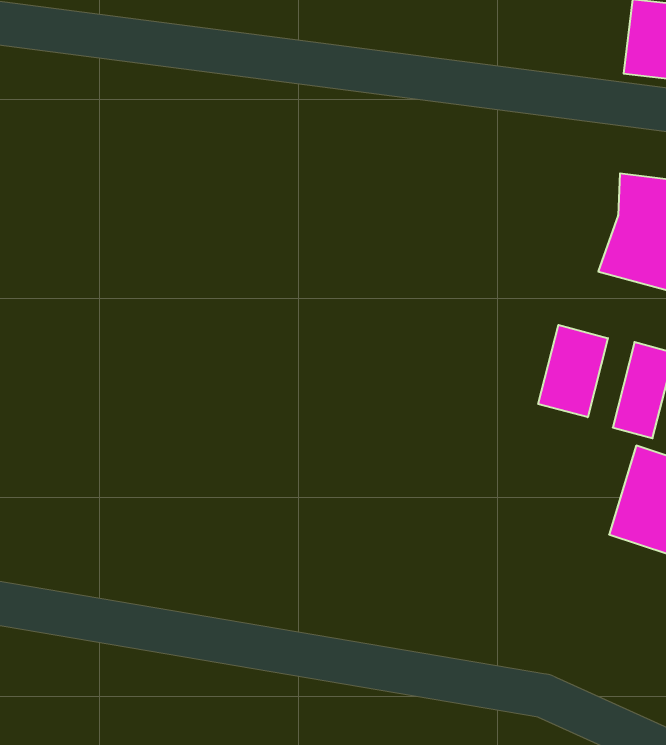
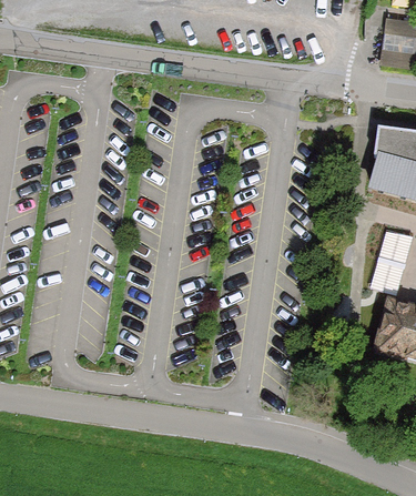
building: [538,325,608,417] -> none

